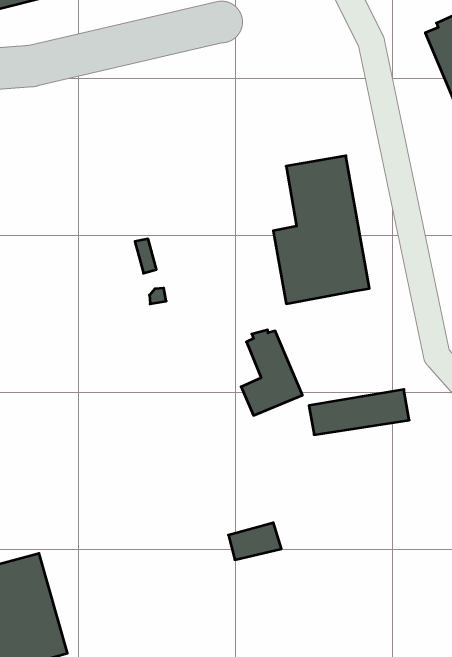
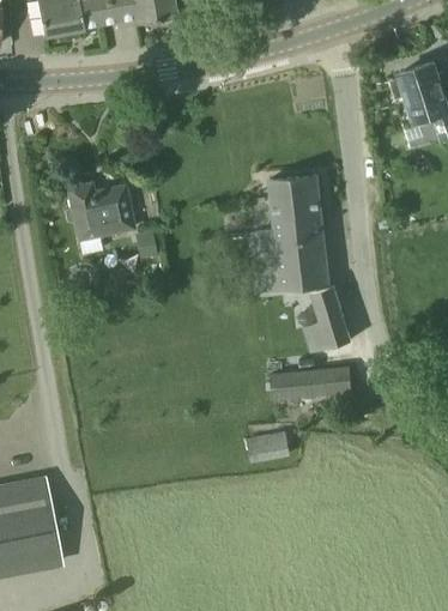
building: none -> [65,182,132,253]
building: [241,330,302,415] -> [303,285,352,353]
building: [228,523,281,560] -> [248,432,290,460]

